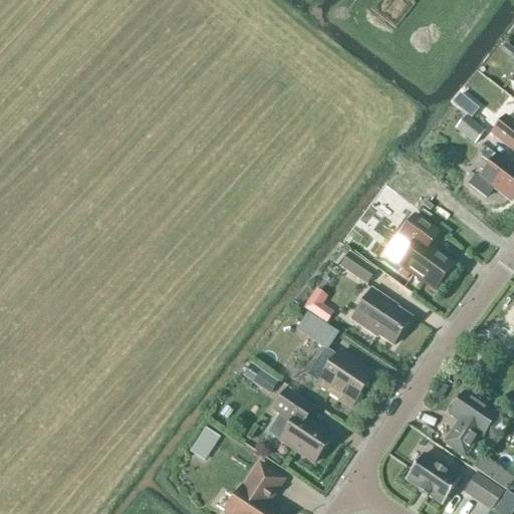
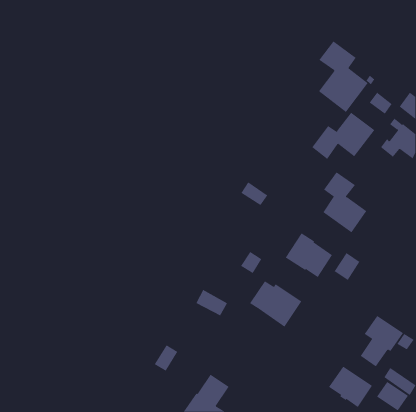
building: none -> [318,40,368,113]
building: none -> [311,112,375,160]
building: [340,251,374,281] -> [240,182,268,206]
building: [303,286,333,320] -> none
building: none -> [334,252,360,281]
building: [268,389,331,461] -> none

